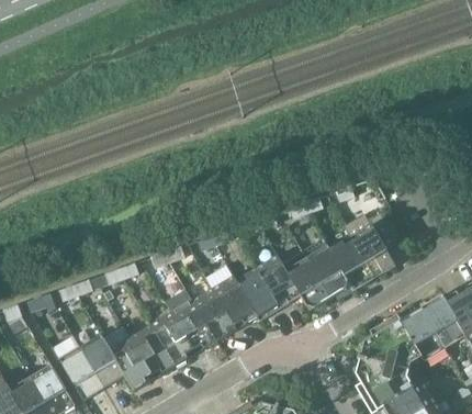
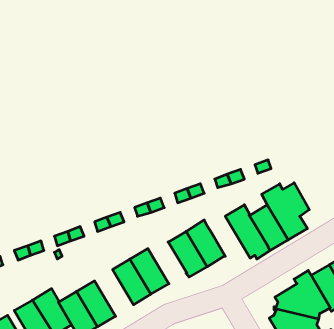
building: [281,249,330,311] -> none
building: [213,276,258,328] -> none
building: [151,312,196,366] -> none

